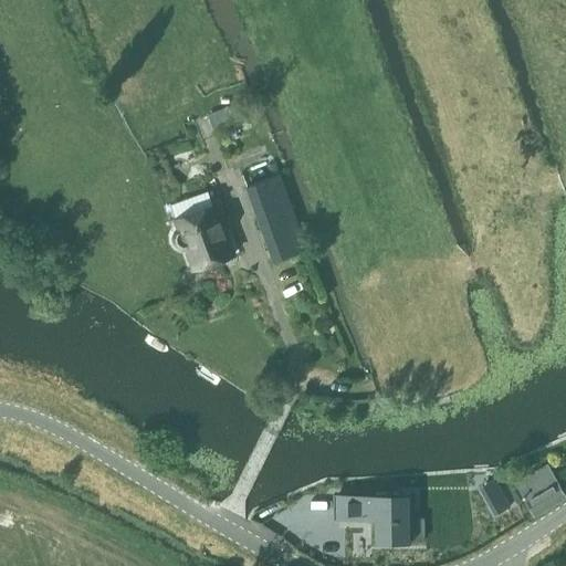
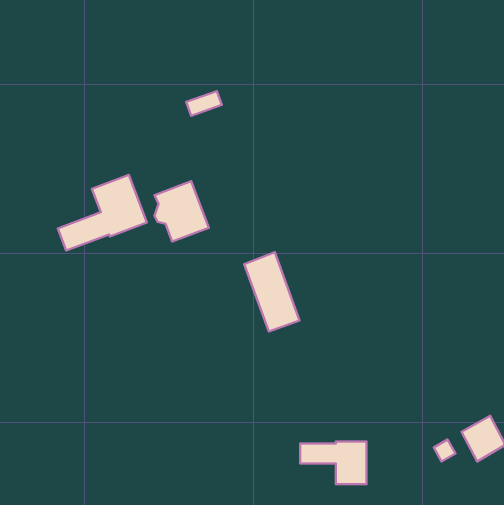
building: [244,175,306,263] -> [244,252,300,331]
building: none -> [58,175,147,251]

